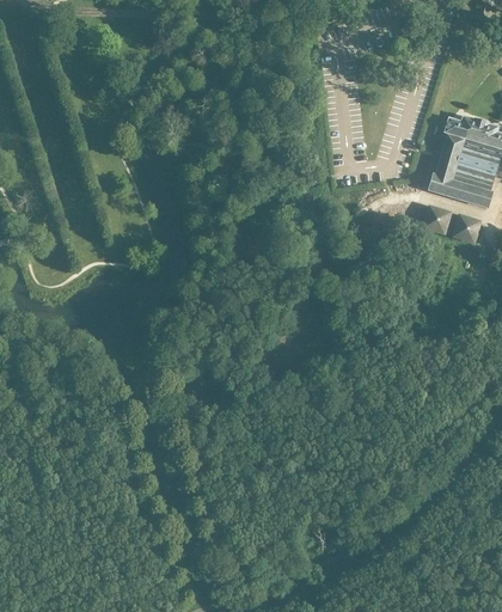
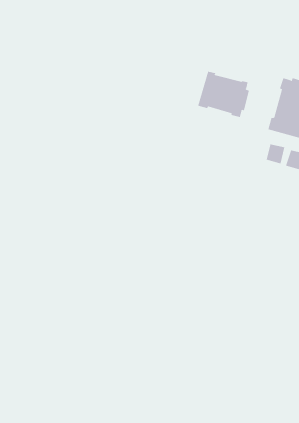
building: none -> [198,71,250,118]

